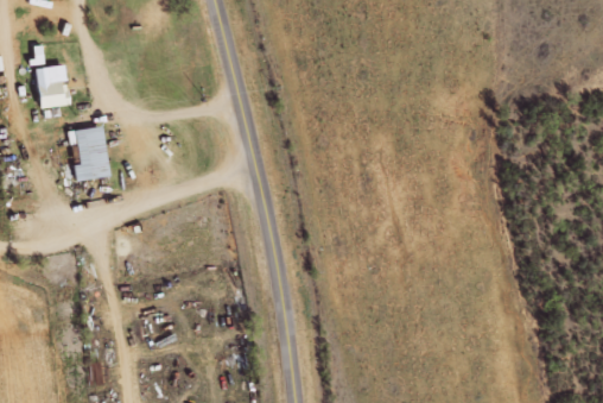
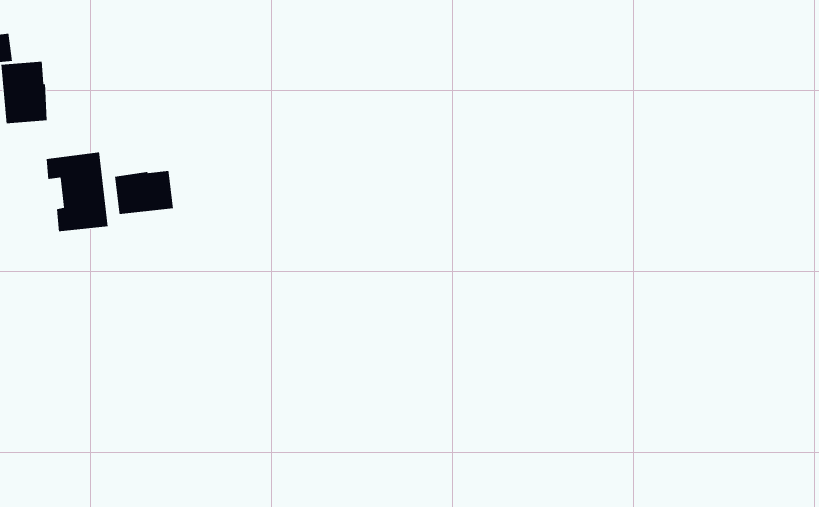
building: none -> [115,170,173,215]

